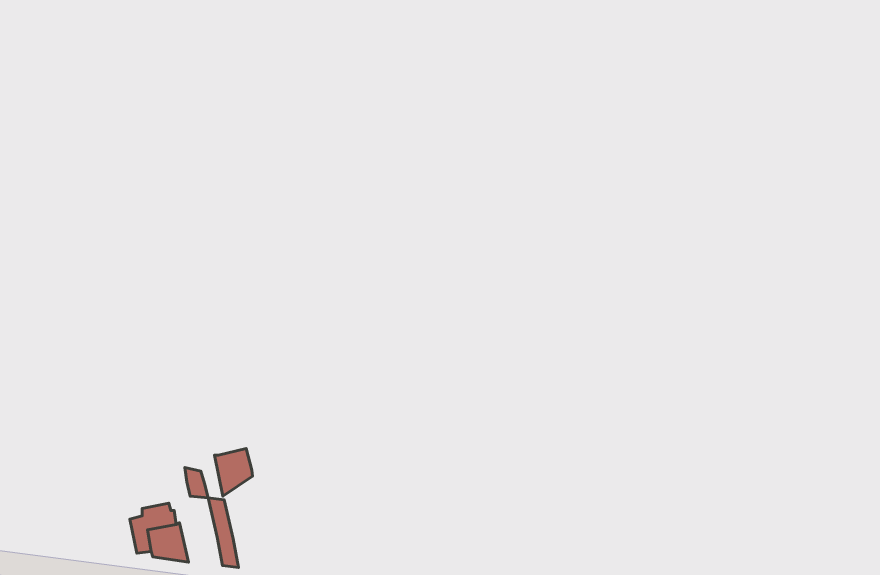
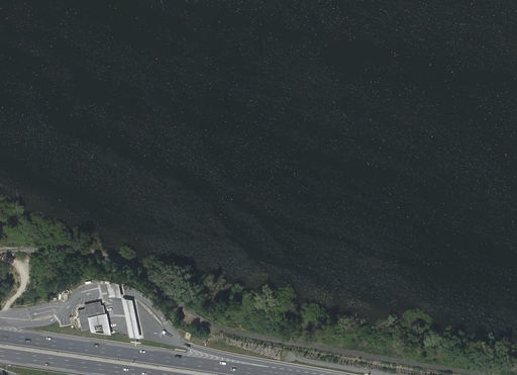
building: [214,448,253,496] -> none

